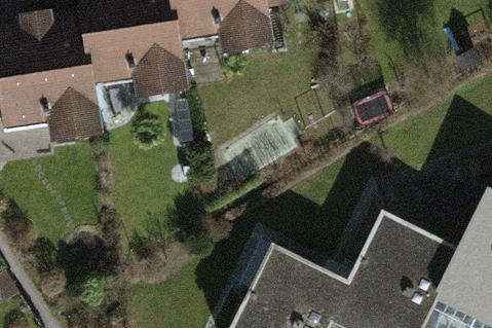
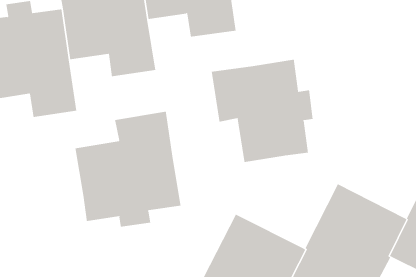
building: none -> [211,59,313,163]
building: none -> [75,111,181,227]

